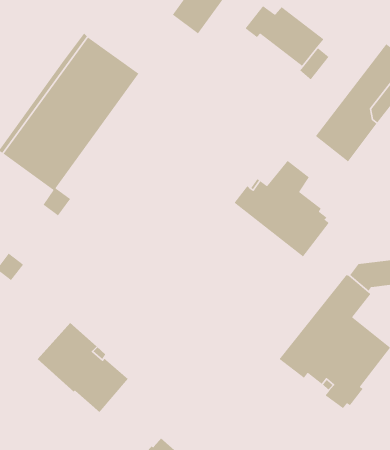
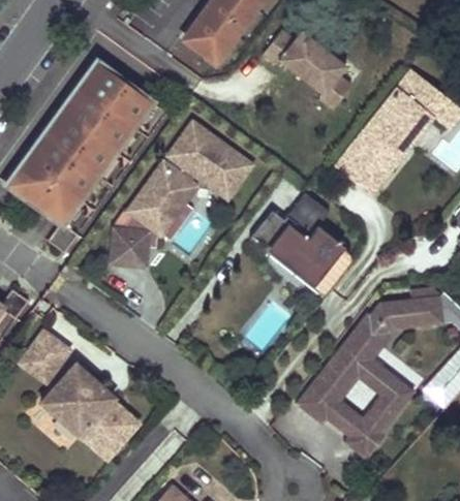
building: none -> [114,125,250,264]
building: none -> [21,332,70,382]

